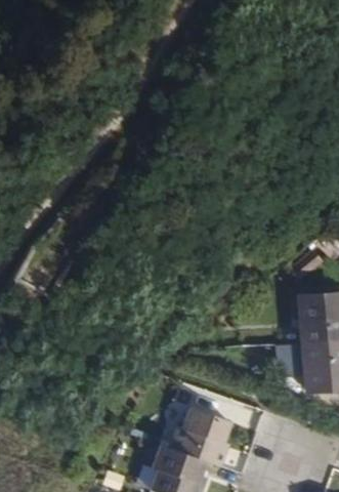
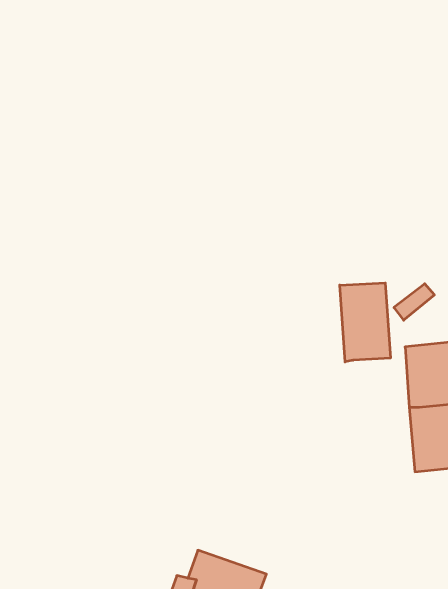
building: none -> [340,283,390,362]
building: [160,407,222,467] -> none

